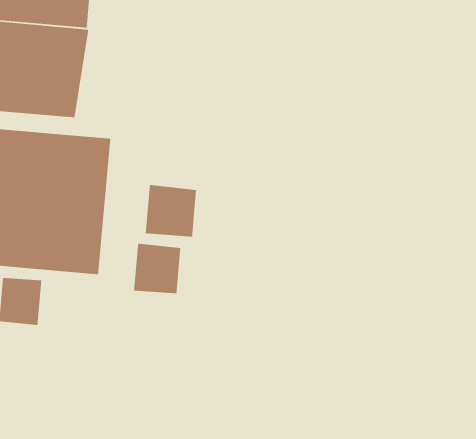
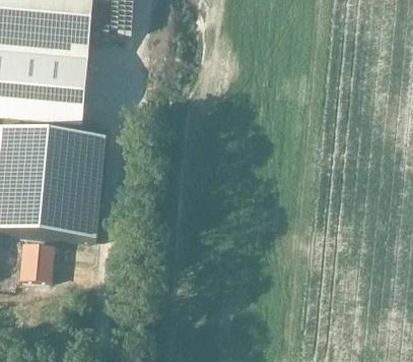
building: [145,184,196,237] -> none
building: [134,243,181,294] -> none

